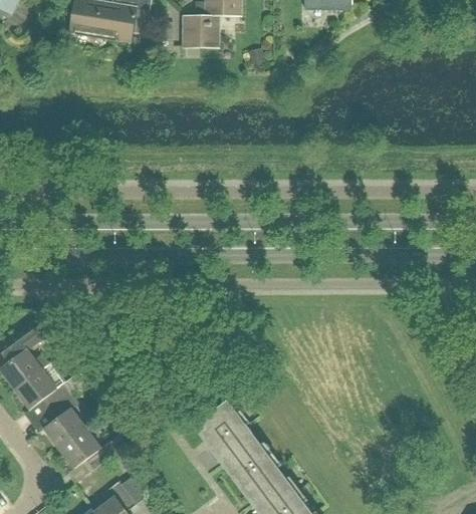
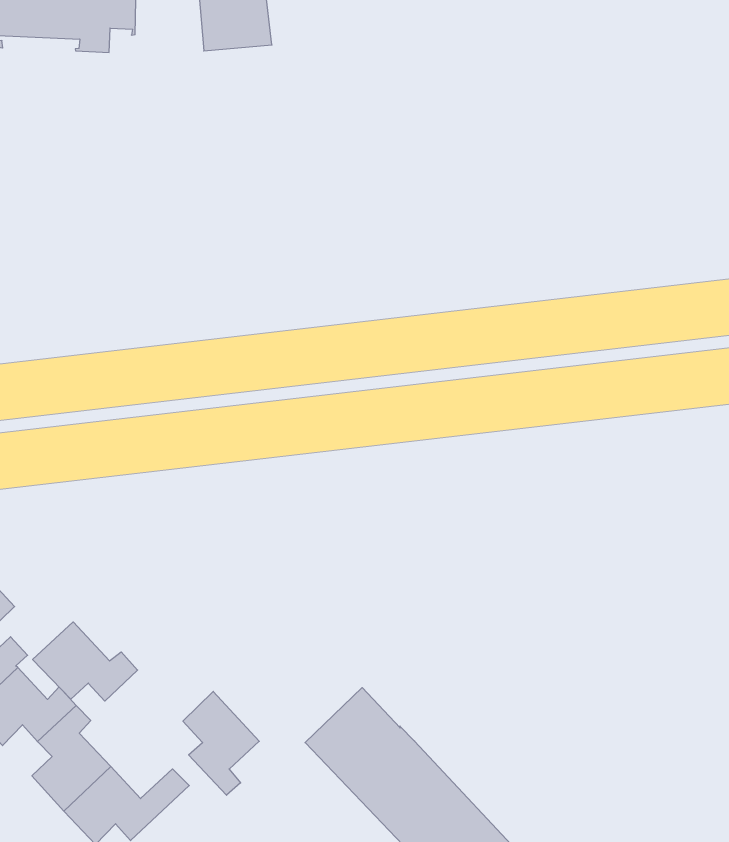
building: none -> [33,622,138,701]
building: none -> [183,691,259,795]

